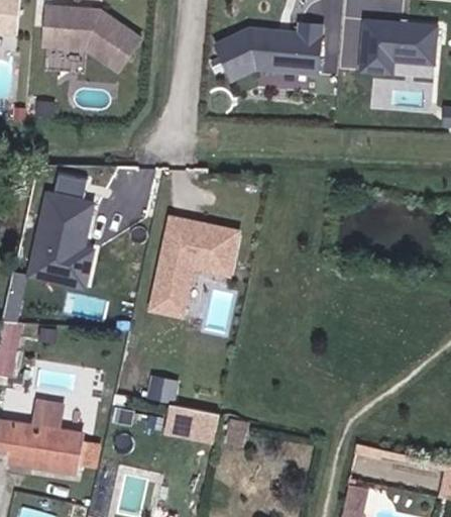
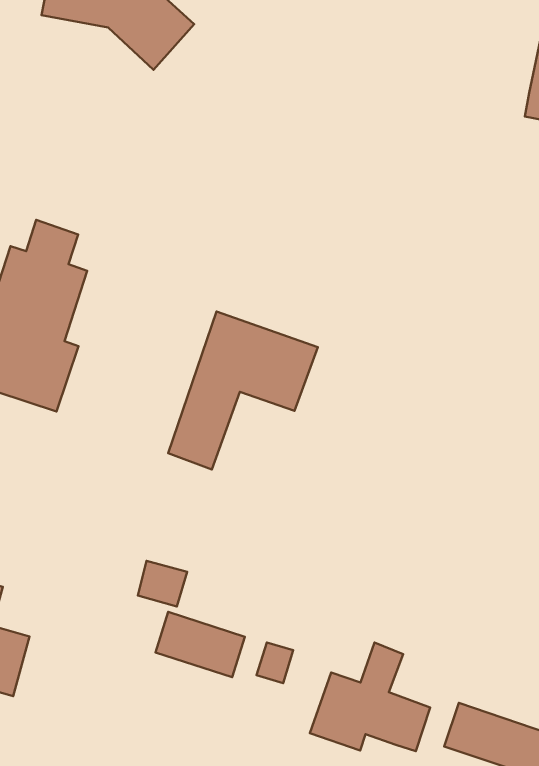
building: [215,22,322,80] -> none
building: none -> [310,642,430,751]

